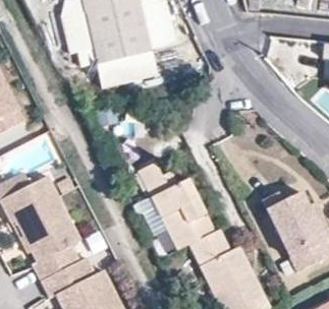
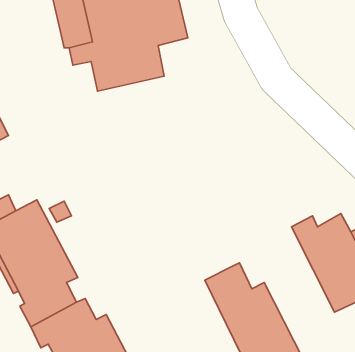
building: [136,164,212,250] -> none

